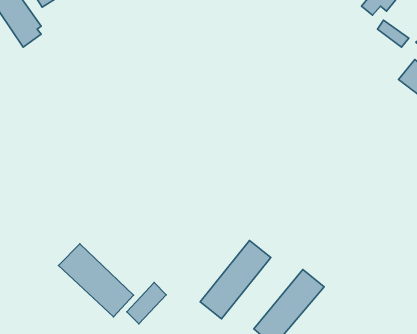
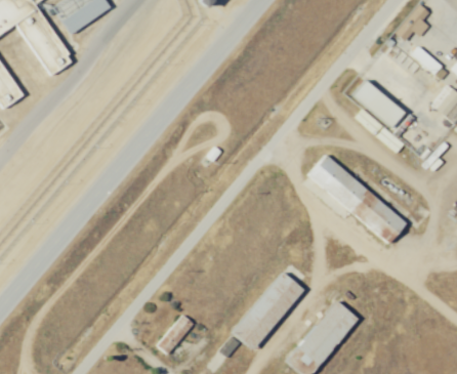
building: none -> [352,82,405,128]
building: none -> [308,155,406,244]
building: [58,244,134,317] -> none

